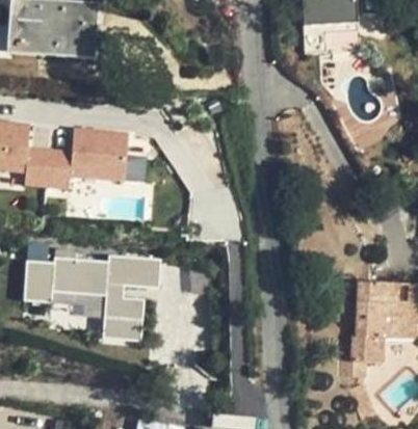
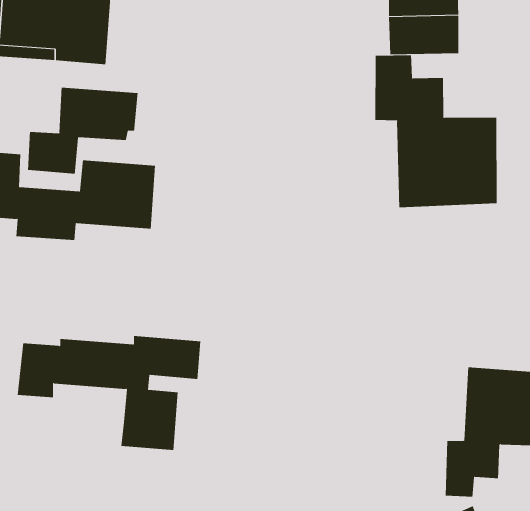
building: none -> [375,55,497,208]
building: none -> [28,87,138,175]
building: [54,292,108,320] -> none

